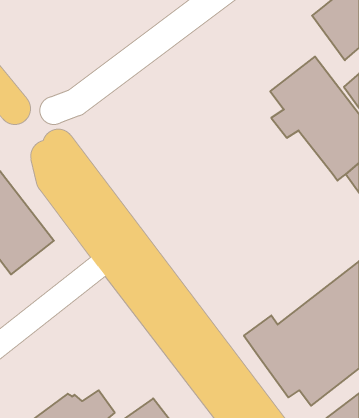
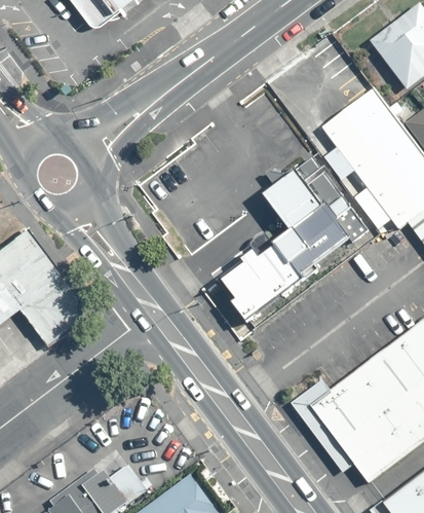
building: none -> [215,158,370,324]

